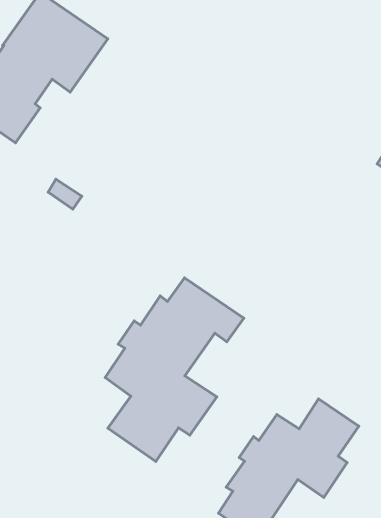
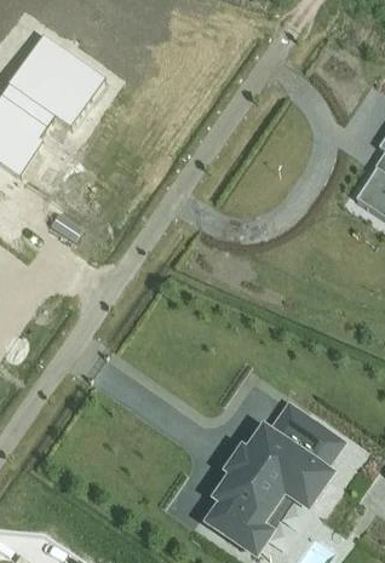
building: [105,278,244,461] -> none

